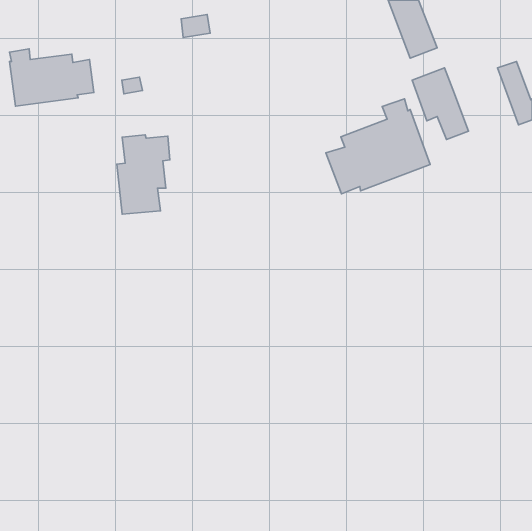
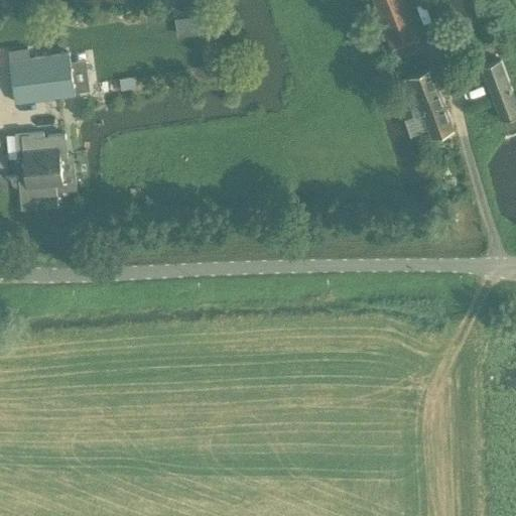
building: [326,99,430,194] -> none
building: [117,135,170,214] -> [16,133,68,210]

